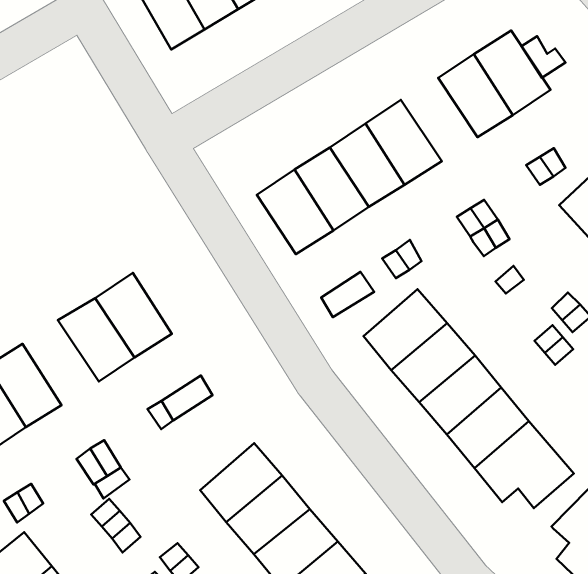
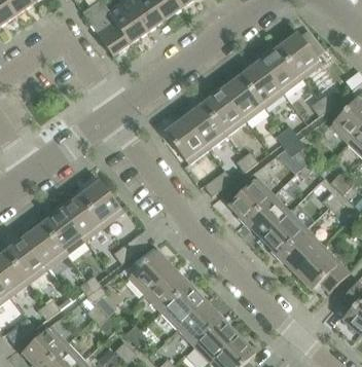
building: none -> [240,62,283,107]
building: none -> [42,209,85,255]
building: none -> [128,251,173,296]

